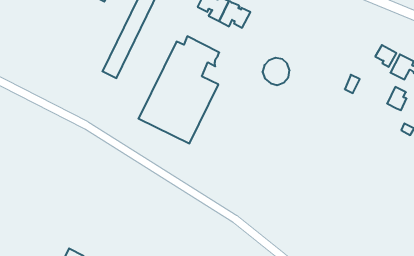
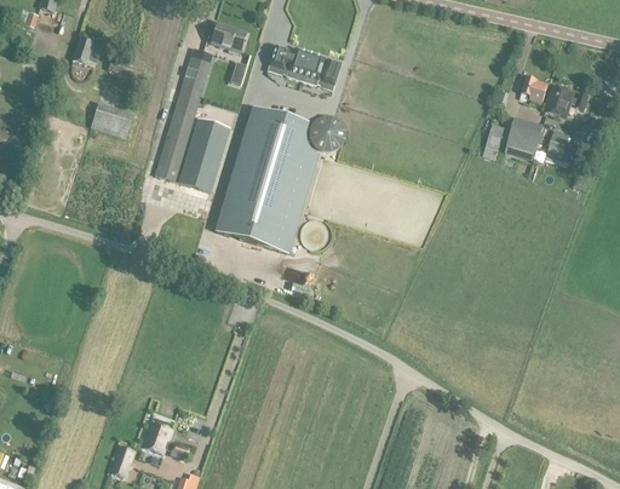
building: none -> [84,102,130,138]
building: none -> [178,117,230,192]
building: [262,58,290,85] -> [309,115,345,151]
building: none -> [505,117,544,160]

